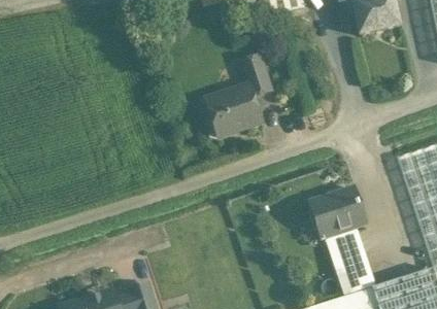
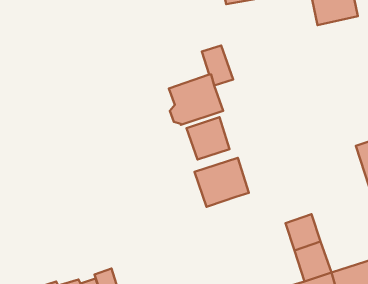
building: none -> [187,117,230,160]
building: [309,188,365,239] -> [194,158,249,207]

